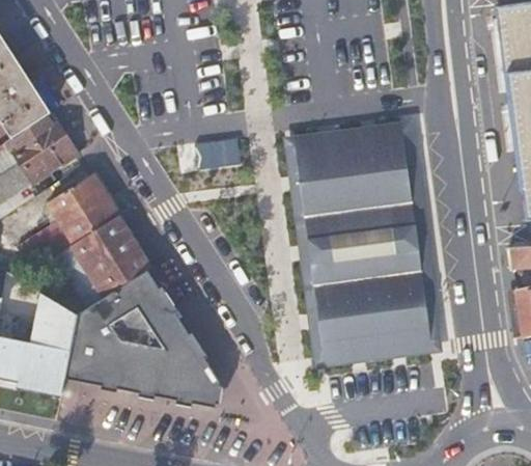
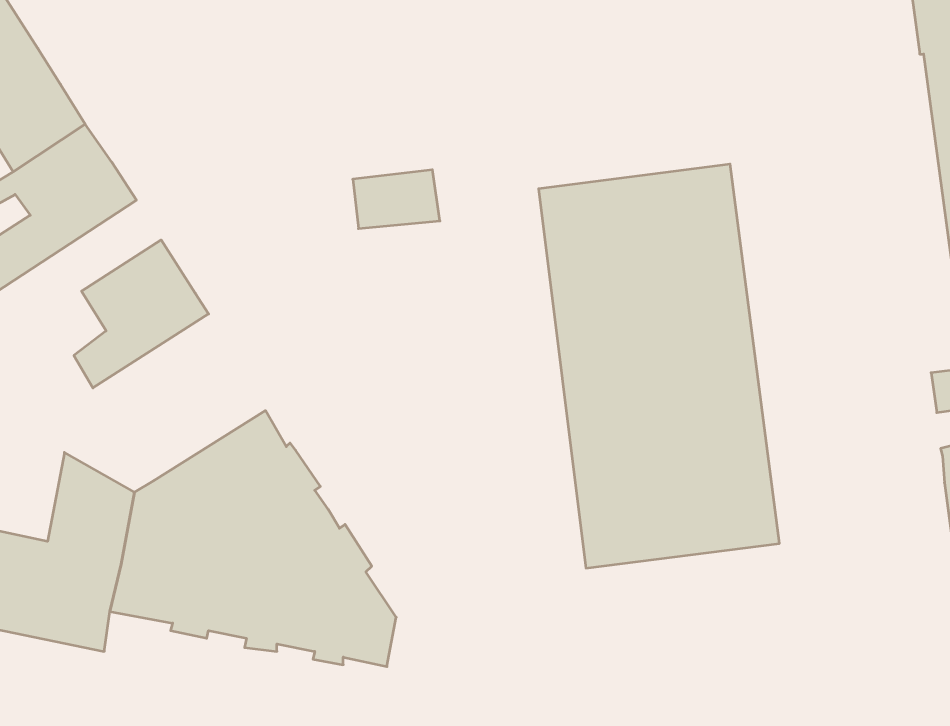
building: [50,215,150,306] -> none

